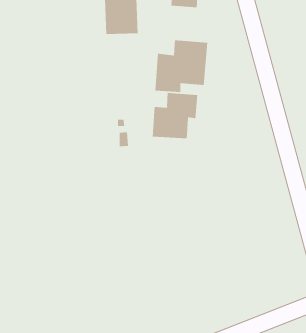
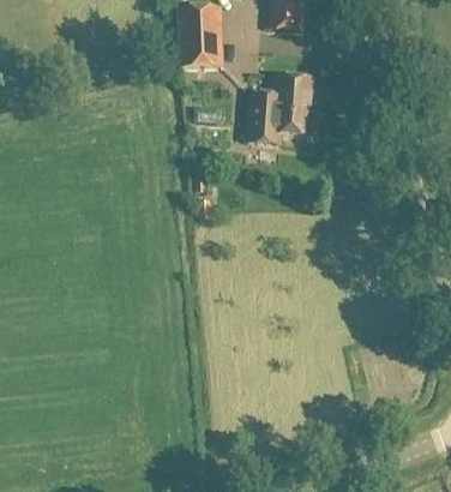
building: [152,92,198,139] -> none

